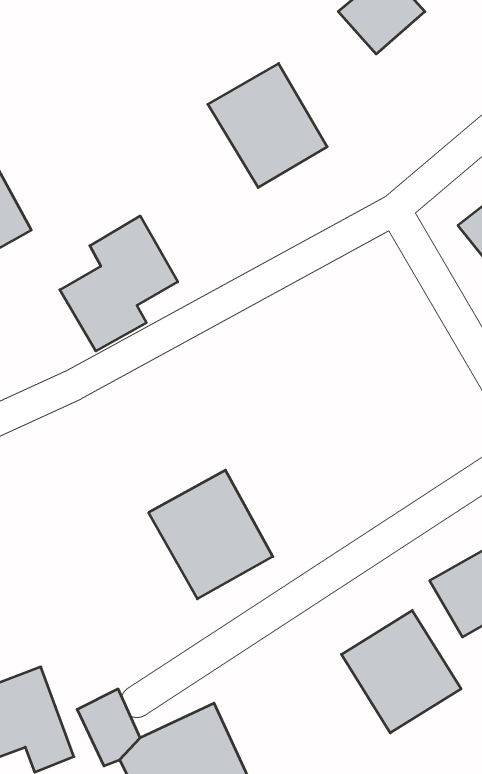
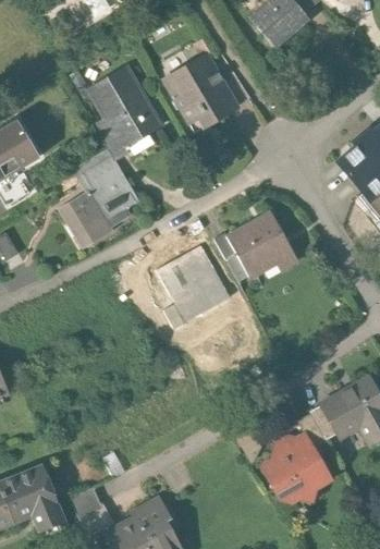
building: none -> [84,61,164,154]
building: none -> [224,208,298,286]
building: [149,470,273,599] -> [150,239,236,328]

